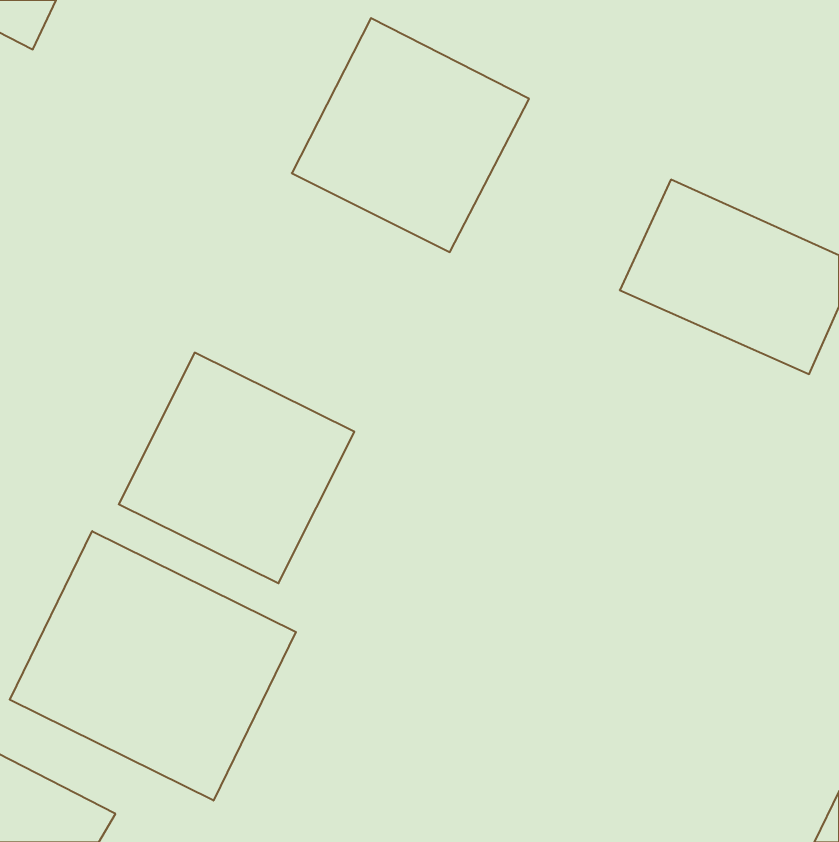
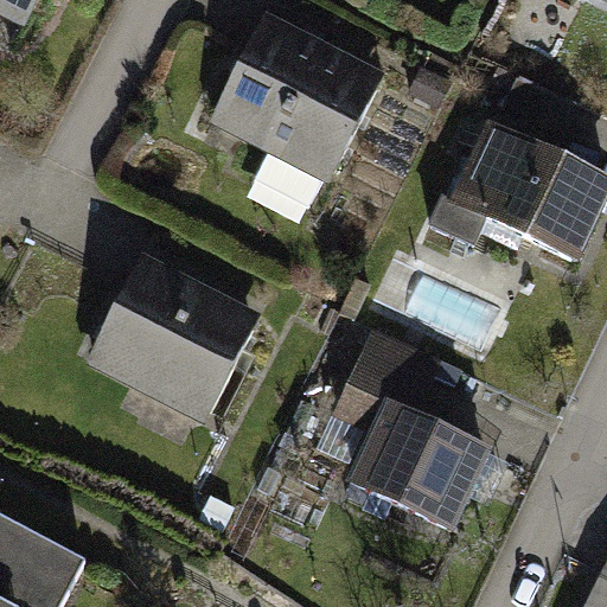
building: none -> [334,332,487,525]
building: [10,531,296,801] -> none

